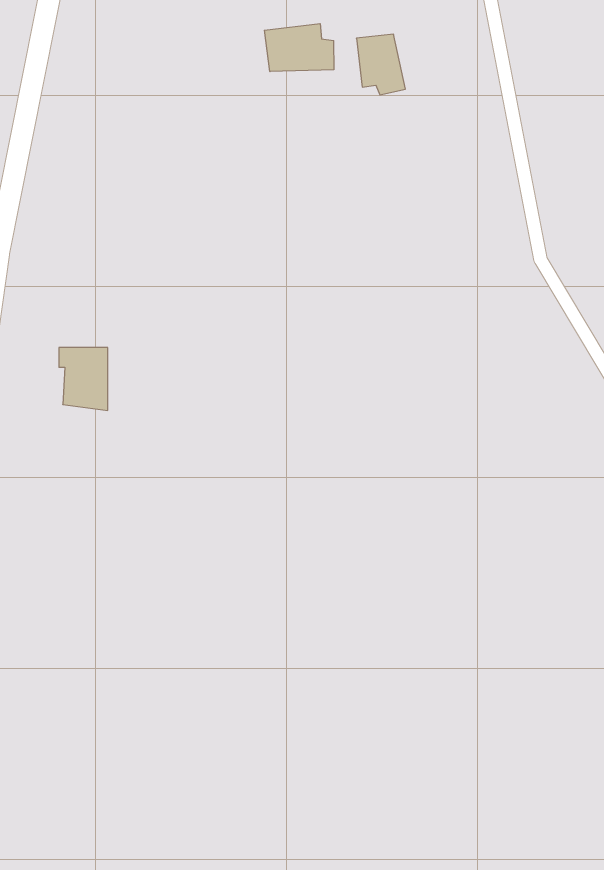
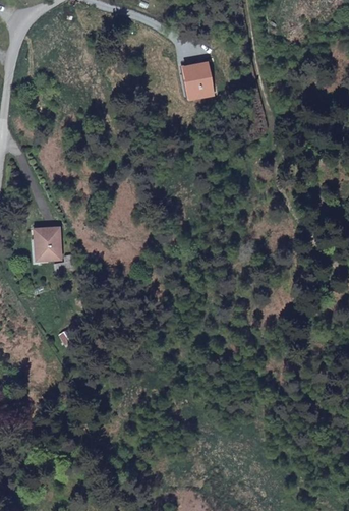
building: [264,24,334,72] -> none

